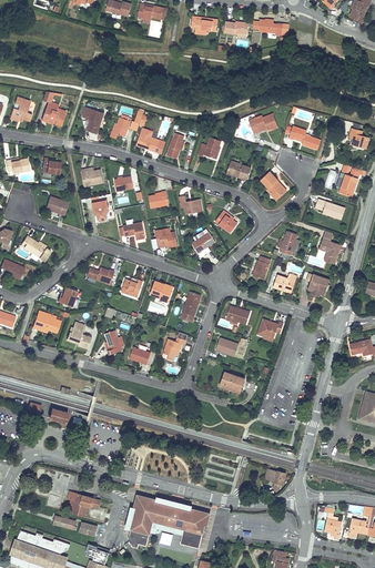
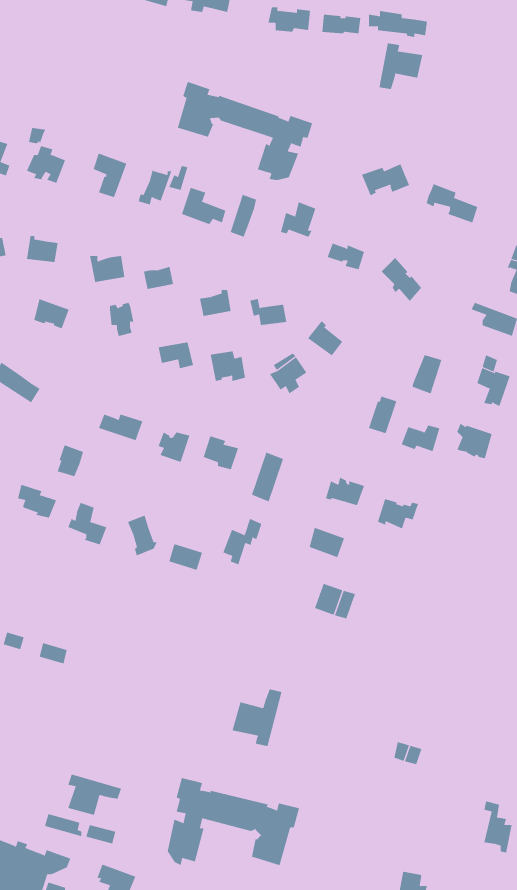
building: none -> [379,43,423,90]
building: none -> [177,81,313,181]
building: none -> [232,689,282,747]

